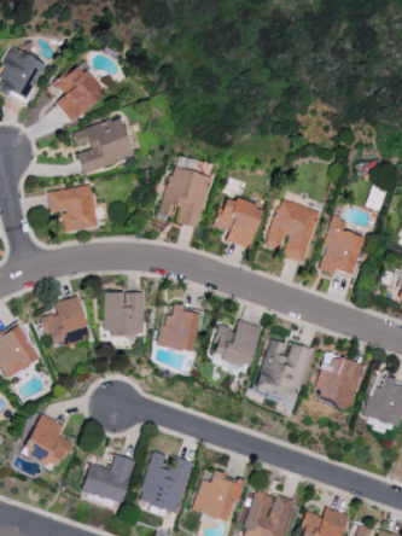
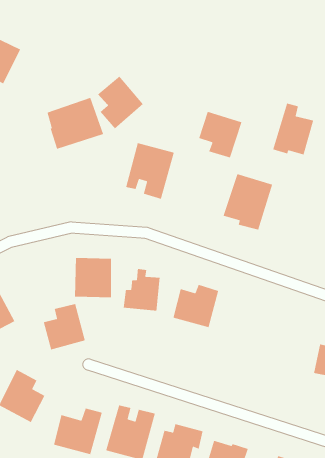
building: [53,63,104,122] -> [97,75,144,130]
building: [47,183,99,233] -> none
building: [215,196,263,247] -> [198,111,243,158]
building: [317,217,363,275] -> [272,102,314,156]
building: [42,296,89,348] -> [43,303,86,351]
building: [251,339,313,412] -> none
building: [311,354,365,407] -> none

